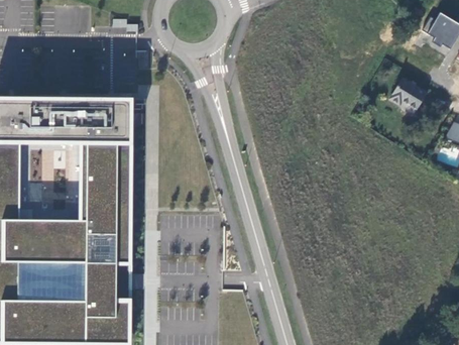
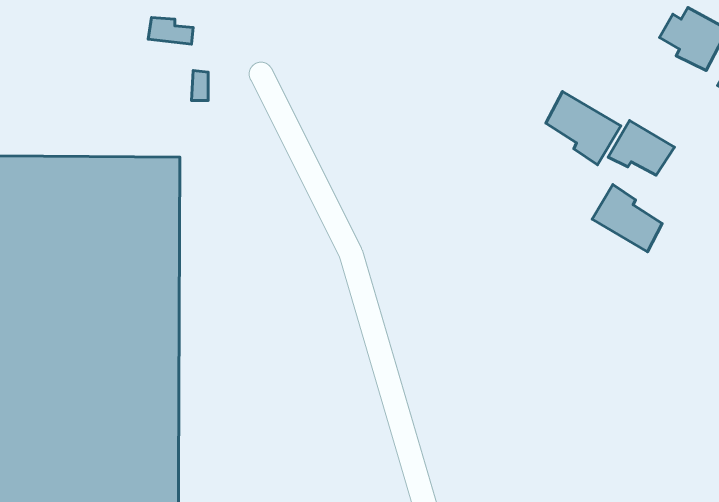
building: none -> [546,91,621,165]
building: none -> [592,185,662,252]

